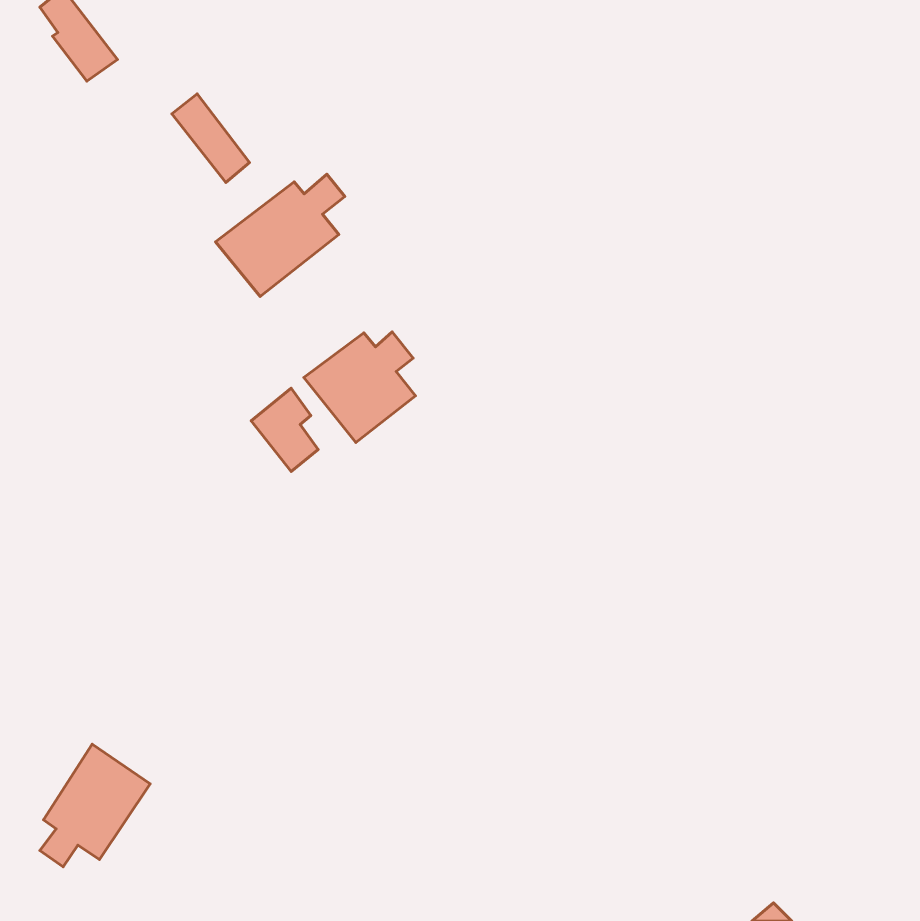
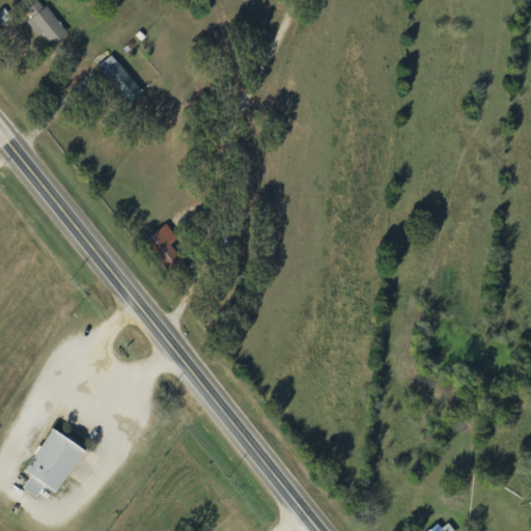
building: [216,174,345,296] -> none
building: [304,332,415,442] -> none

